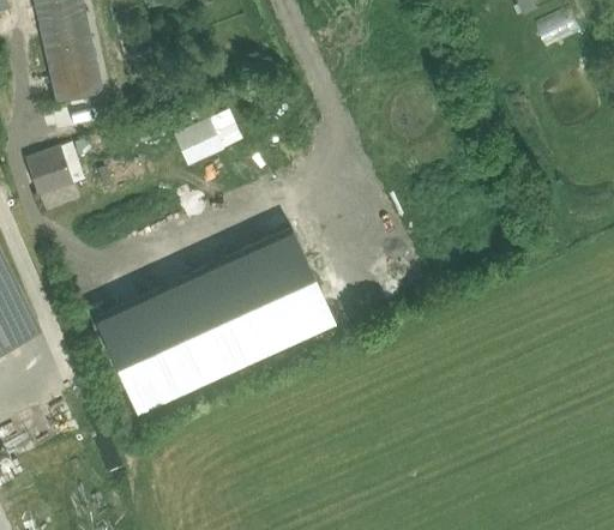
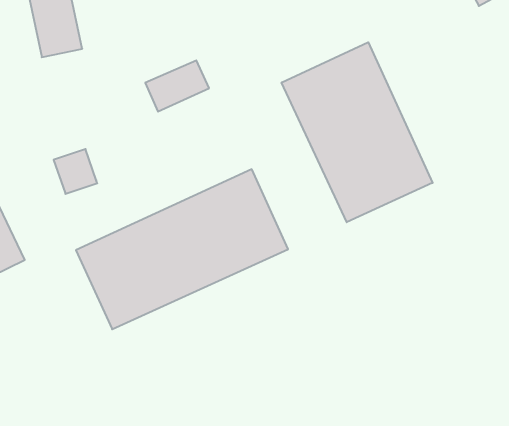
building: none -> [282,42,433,222]
building: [25,147,74,198] -> [54,149,97,194]

